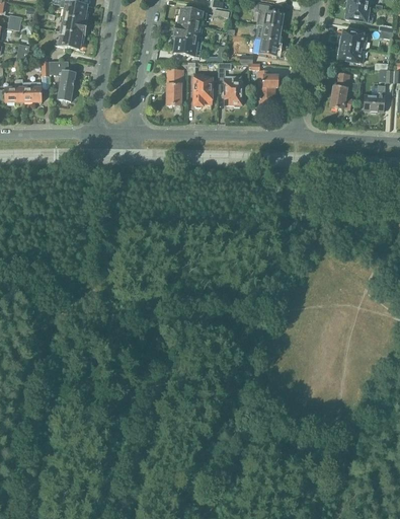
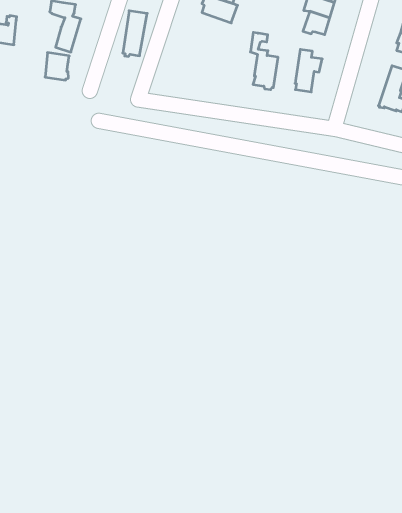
building: [166,69,181,106] -> [123,11,147,56]
building: [193,71,212,106] -> none
building: [22,81,43,101] -> [45,53,69,80]

